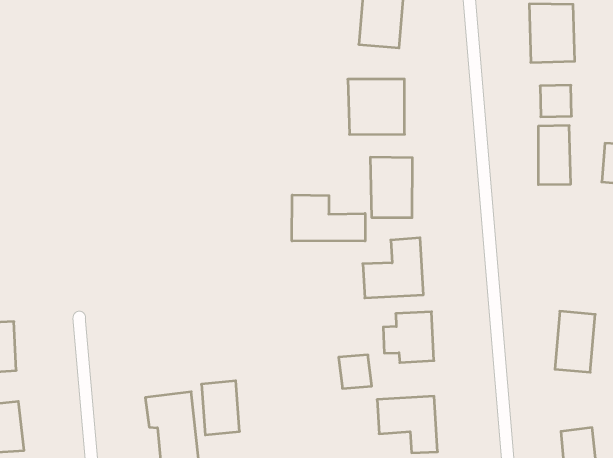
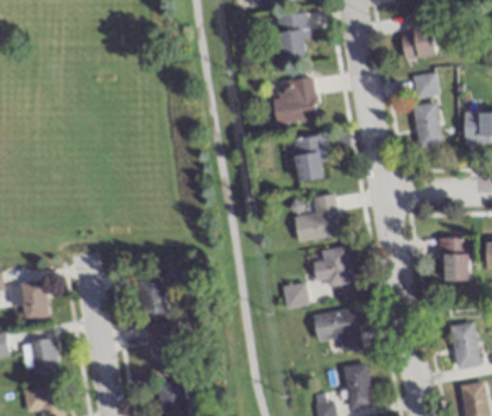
building: [292,195,365,241] -> none
building: [201,381,240,435] -> [137,276,168,317]

